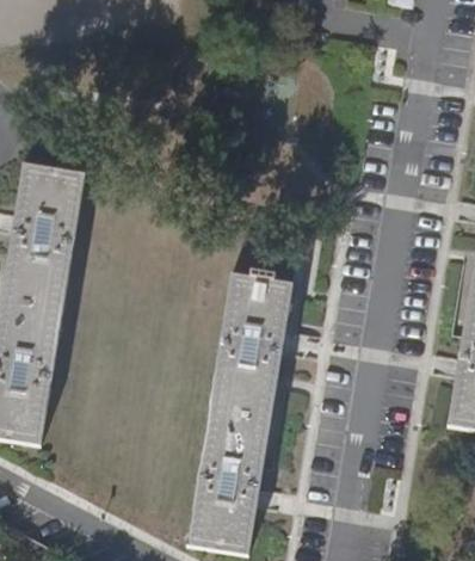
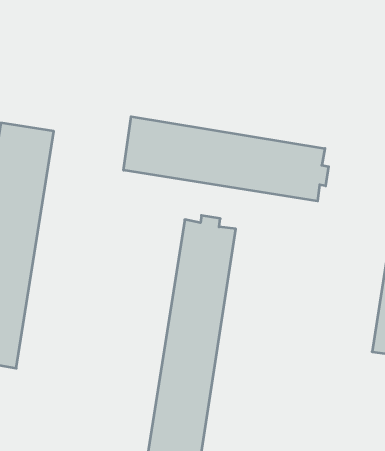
building: none -> [124,117,329,201]

